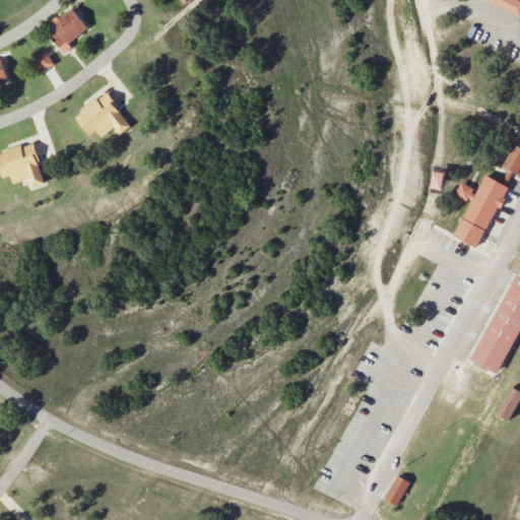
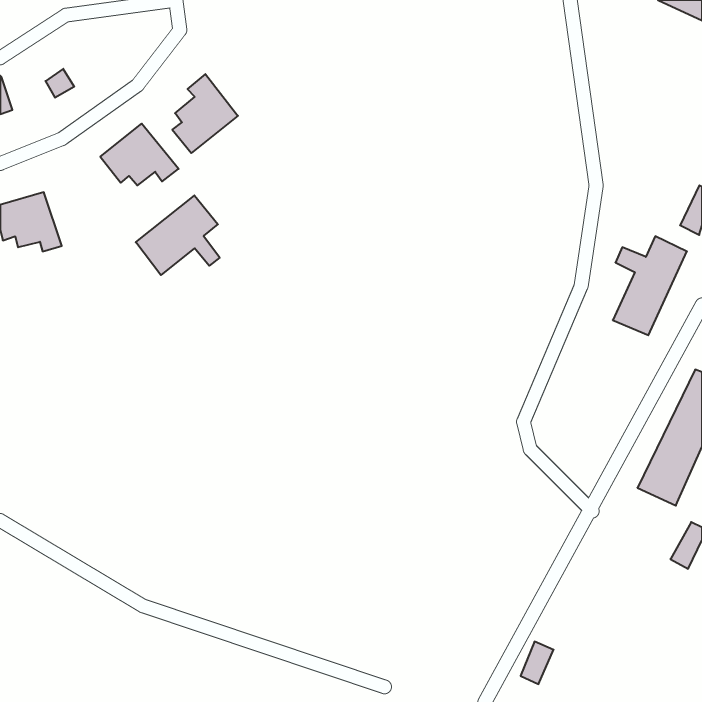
building: [51,7,88,53] -> none
building: none -> [172,74,238,153]
building: none -> [136,195,220,275]

